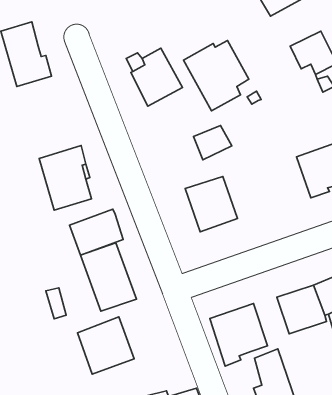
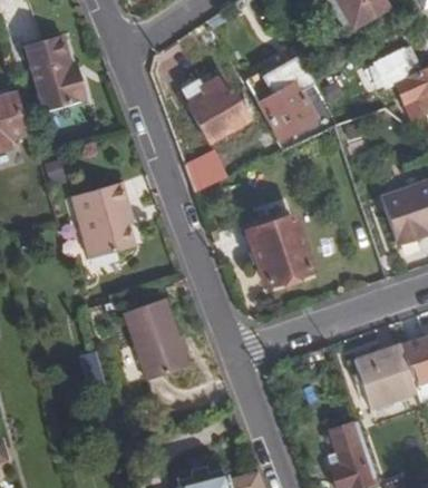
building: [193,125,232,160] -> [185,152,231,193]
building: [69,209,123,255] -> none
building: [210,304,268,366] -> none
building: [77,317,134,374] -> none

